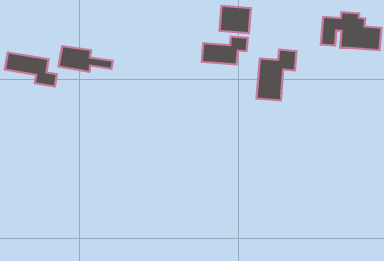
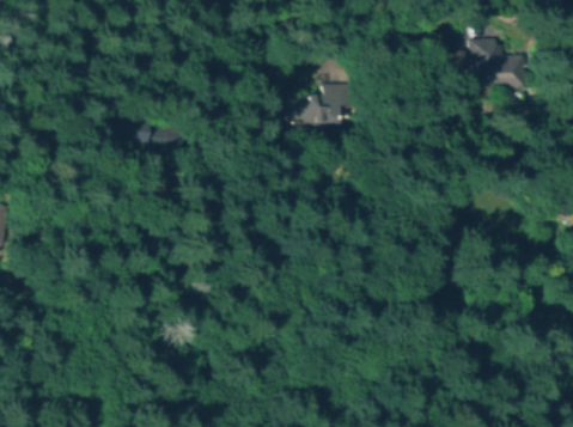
building: [257,50,296,100] -> none
building: [5,52,57,86] -> none

